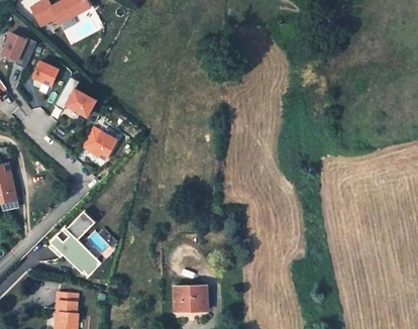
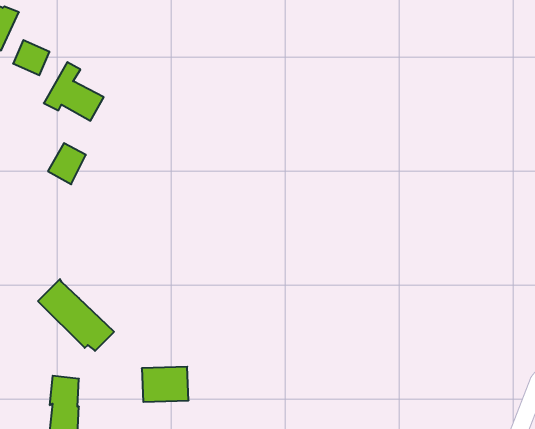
building: [90,130,116,158] -> [48,143,86,184]
building: [66,209,96,238] -> none
building: [174,286,206,310] -> [142,367,189,402]

